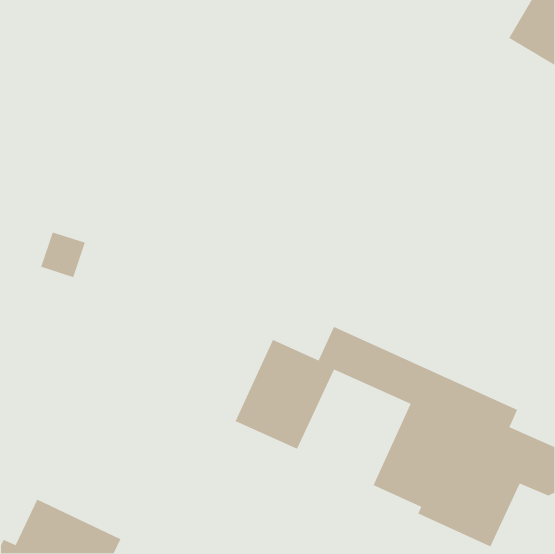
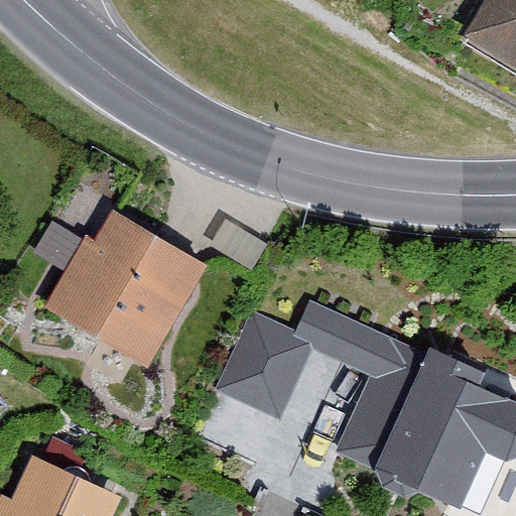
building: none -> [52,202,209,368]

